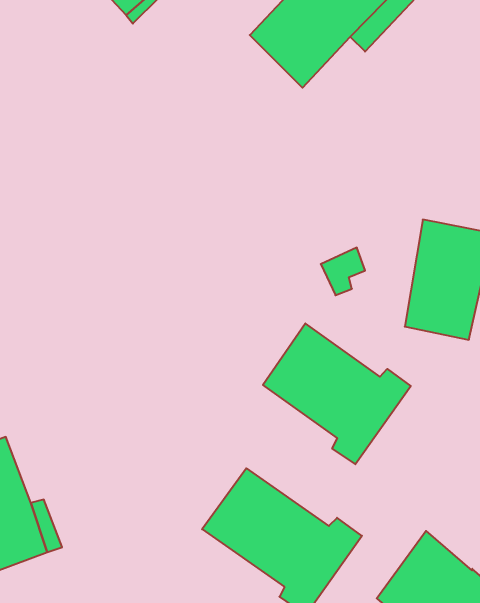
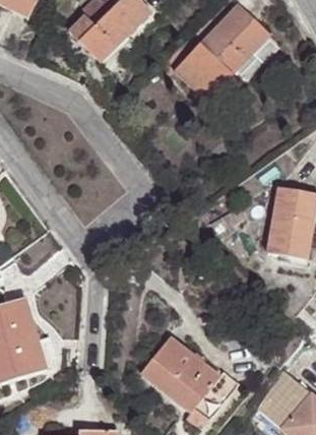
building: [263,323,411,464] -> none

